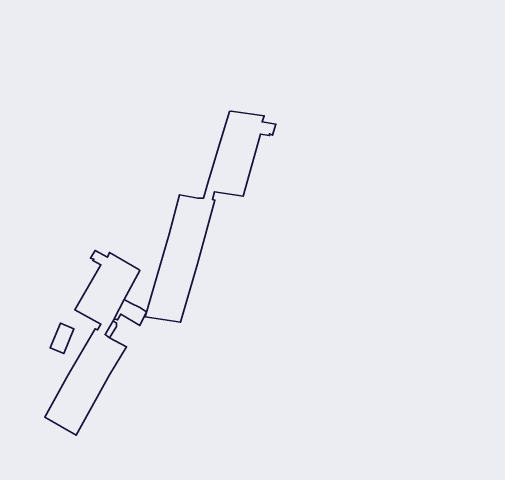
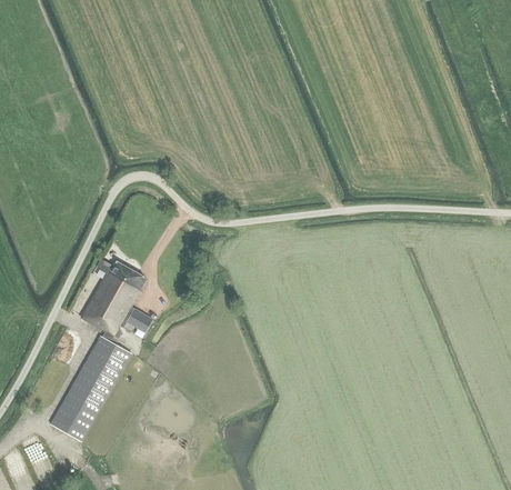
building: [145,111,276,322] -> none

